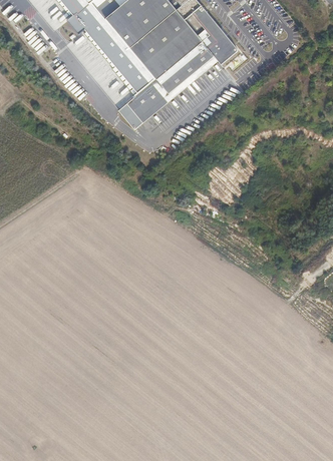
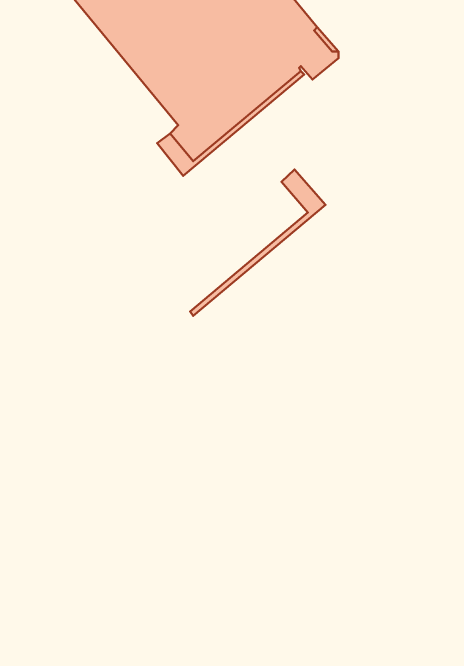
building: none -> [190,169,326,316]

